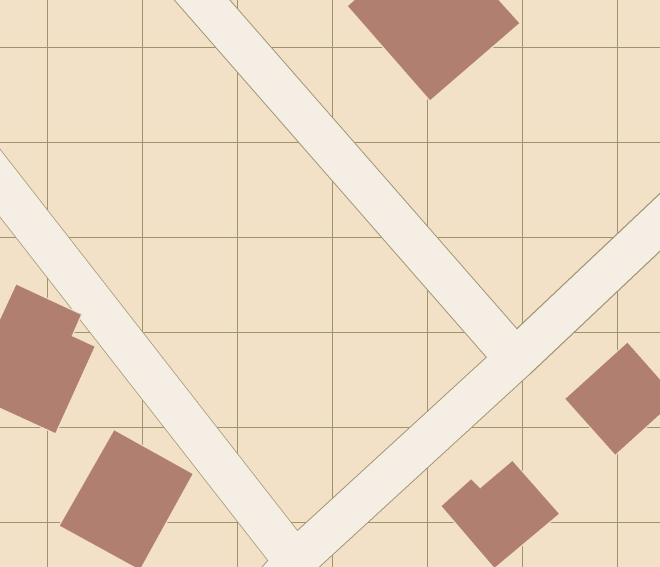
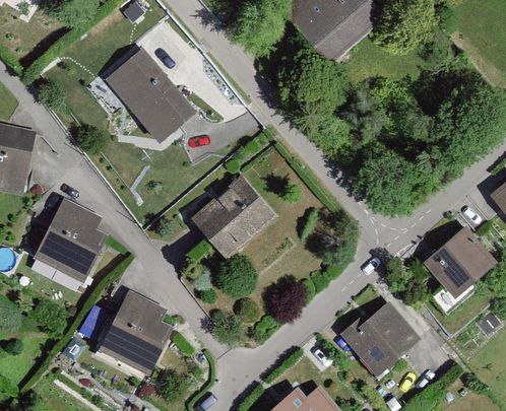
building: none -> [98,38,201,145]
building: none -> [183,165,278,260]

